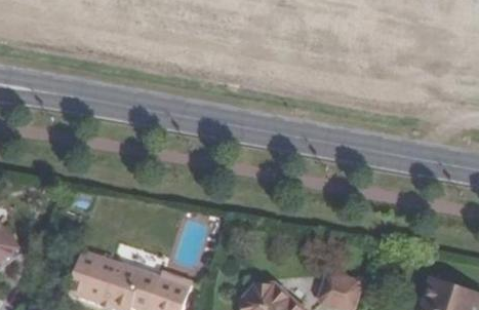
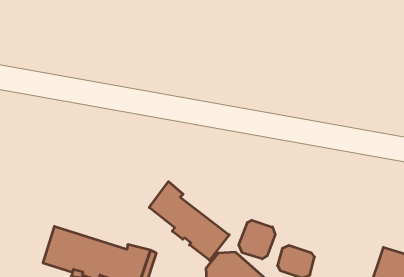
building: none -> [149,182,229,260]
building: none -> [239,220,275,259]

